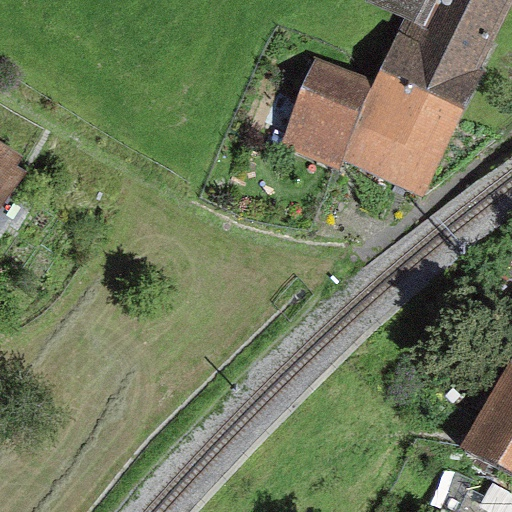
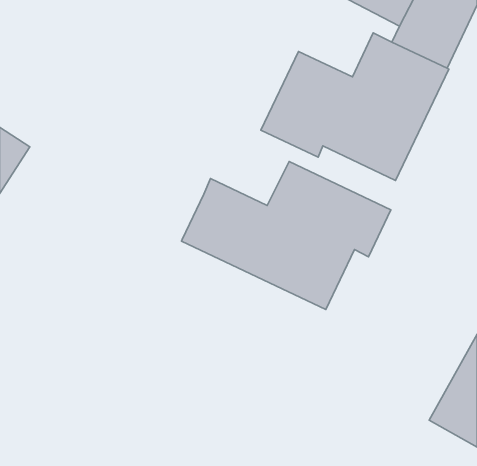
building: none -> [181,161,391,310]

